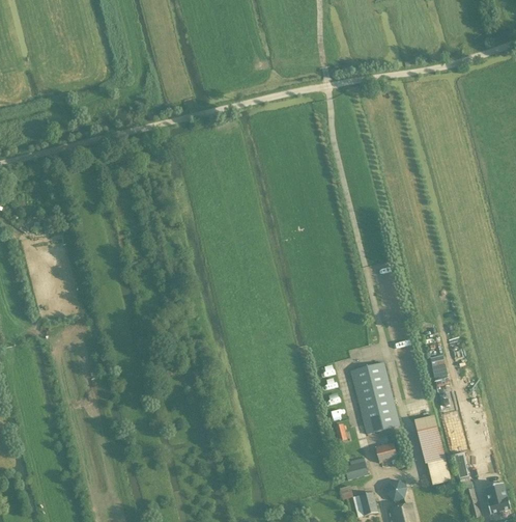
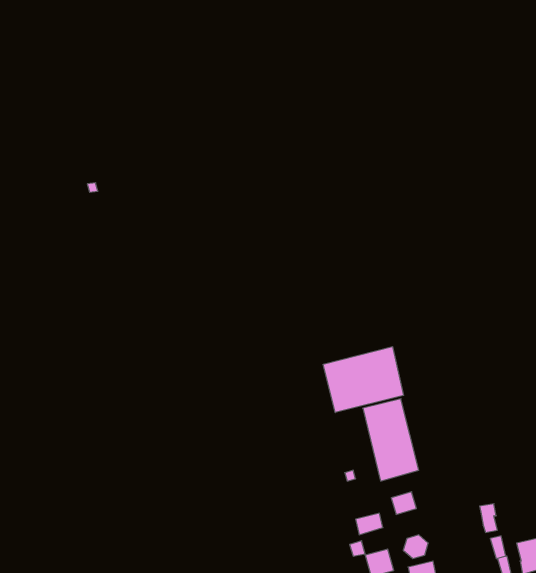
building: none -> [323,347,404,413]
building: [414,415,451,484] -> none

